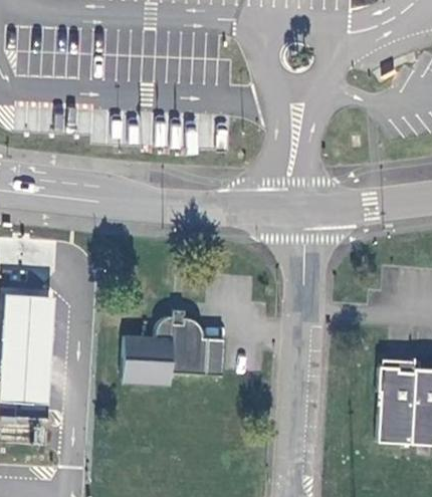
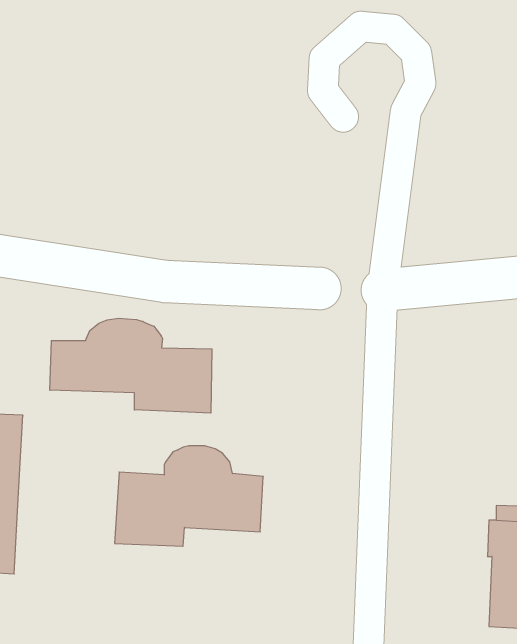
building: none -> [50,318,212,413]

